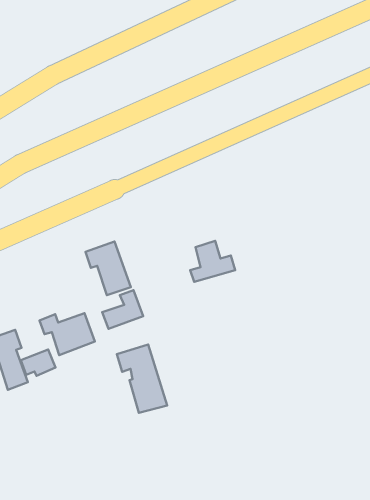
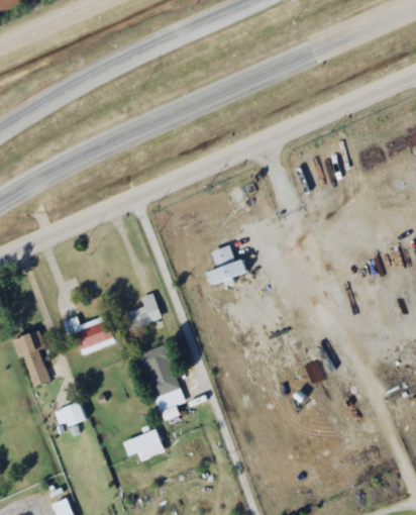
building: [85,242,131,295] -> none
building: [21,350,55,376] -> [55,402,88,427]
building: none -> [124,428,166,461]

